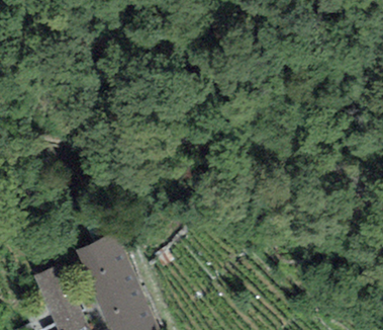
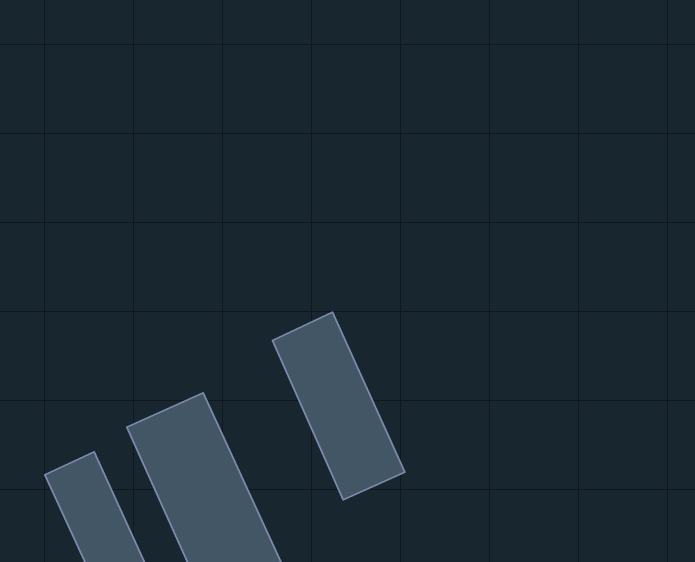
building: none -> [273,312,405,500]

